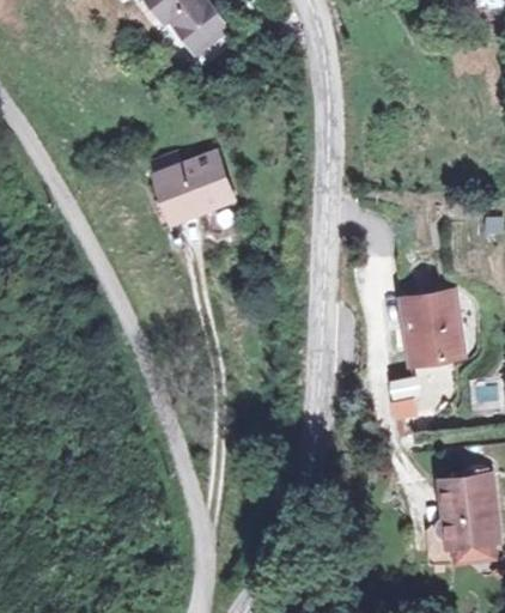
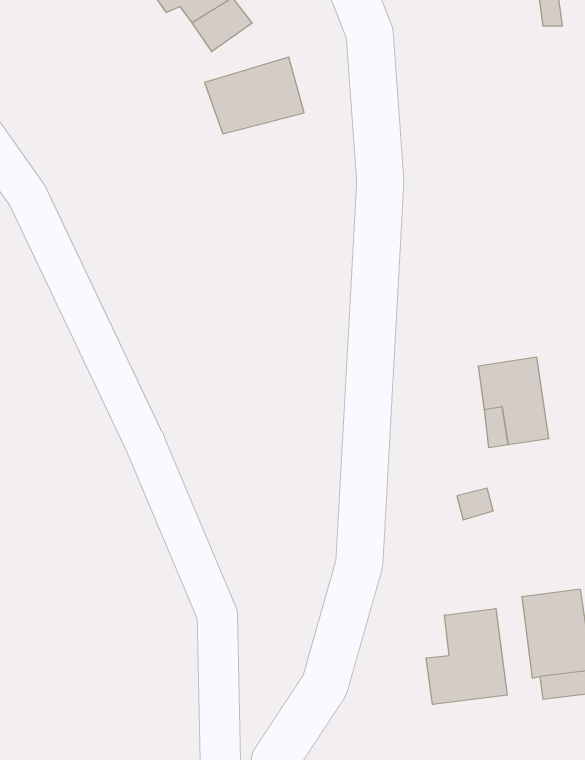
building: [151,156,230,217] -> [205,57,304,134]
building: none -> [426,608,507,705]

